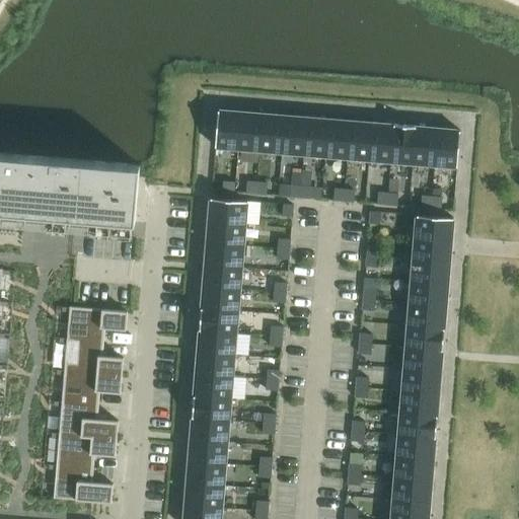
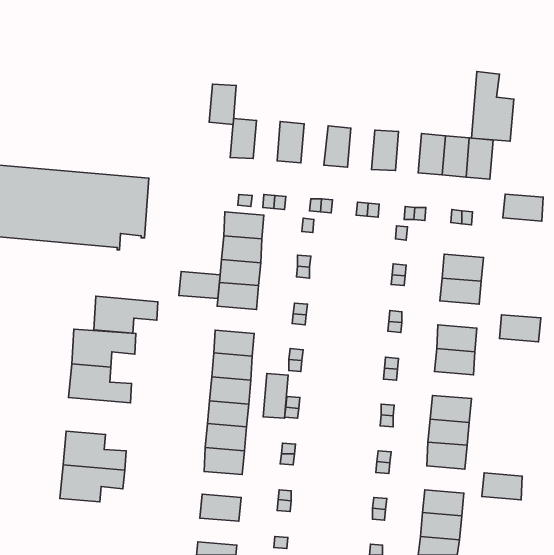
building: none -> [471,72,514,141]
building: [236,113,262,150] -> [209,84,236,124]
building: [281,116,306,154] -> none
building: [324,120,350,158] -> none
building: [369,123,393,161] -> none
building: [415,215,452,240] -> [503,194,543,221]
building: [409,281,447,306] -> [499,315,541,342]
building: [201,286,239,311] -> [179,271,220,299]
building: [403,347,442,372] -> none
building: none -> [263,374,288,418]
building: [62,371,122,405] -> [94,296,158,333]
building: [396,435,434,460] -> [482,473,522,500]
building: [189,440,226,464] -> none
building: [54,465,113,503] -> none
building: [184,484,223,509] -> none

